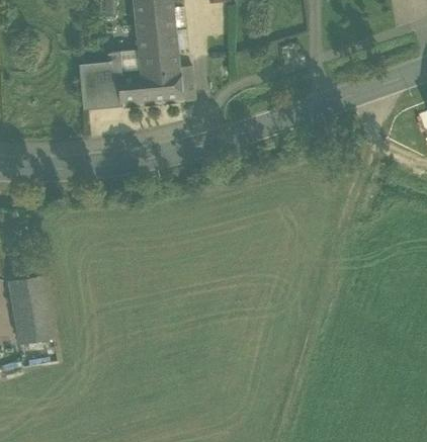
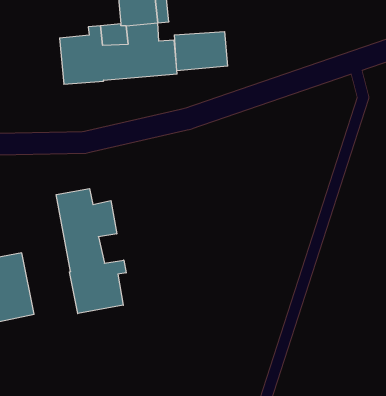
building: none -> [174,32,228,71]
building: none -> [56,189,126,314]

